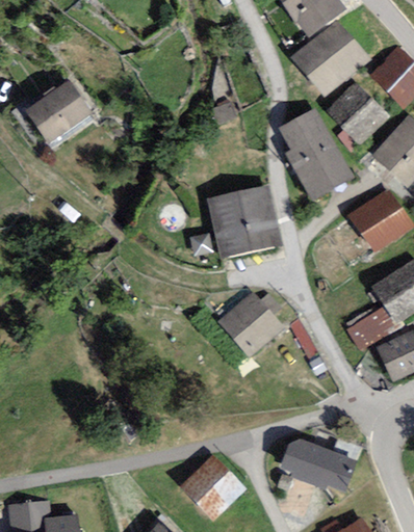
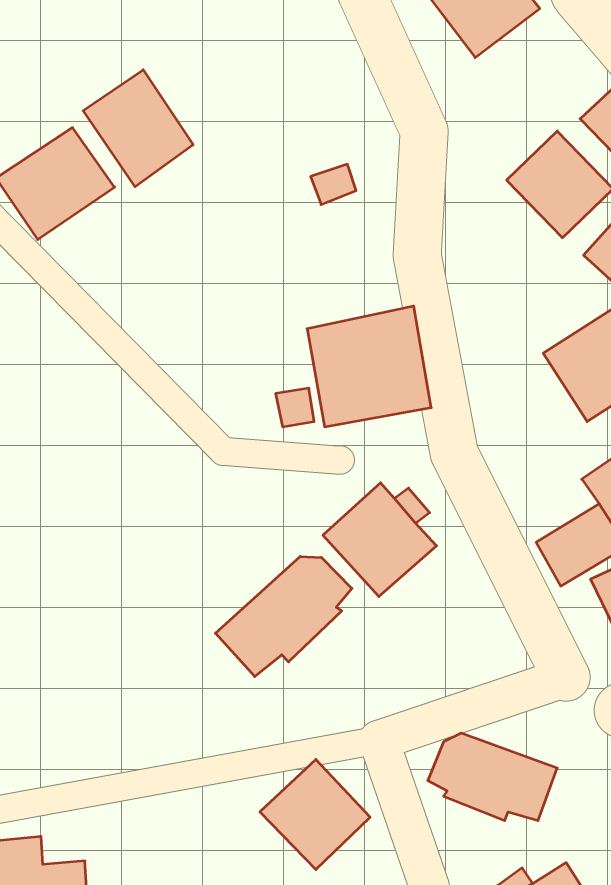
building: [290,22,371,97] -> none
building: none -> [83,70,193,187]
building: [278,107,355,202] -> none
building: none -> [215,556,352,677]

